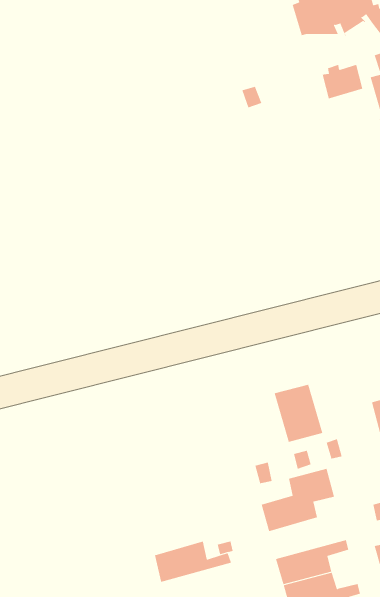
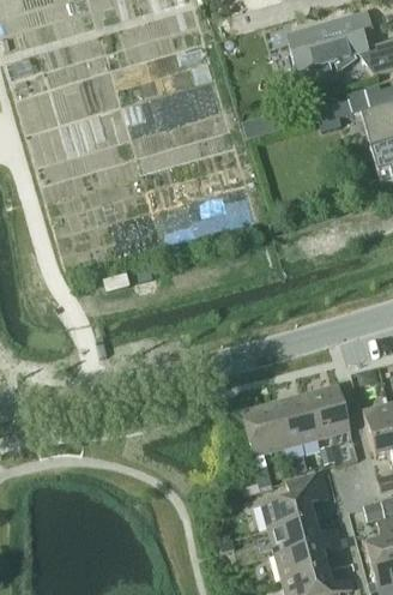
building: none -> [306,385,351,439]
building: none -> [241,402,286,457]
building: [154,541,232,582] -> [268,517,340,555]

